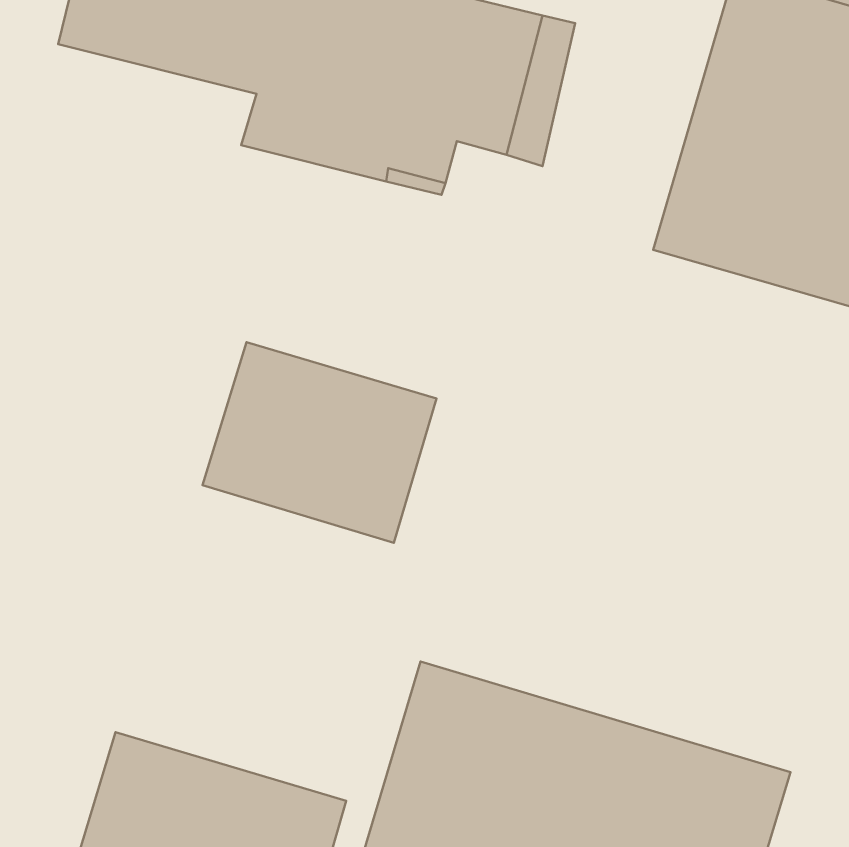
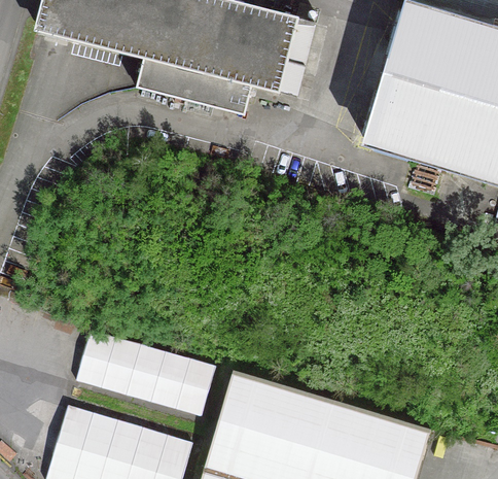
building: [203,342,437,543] -> none
building: none -> [79,330,217,416]

